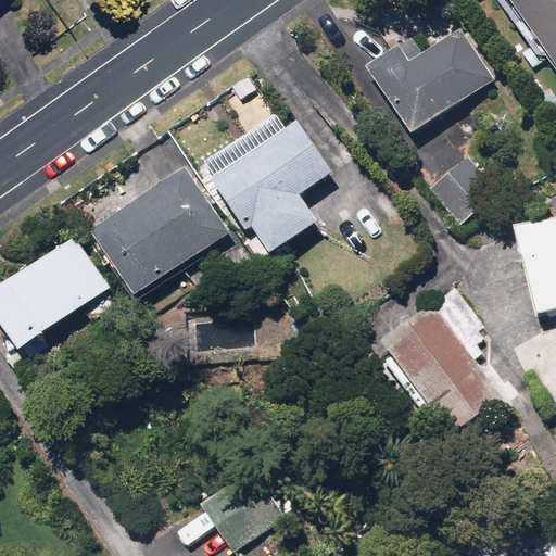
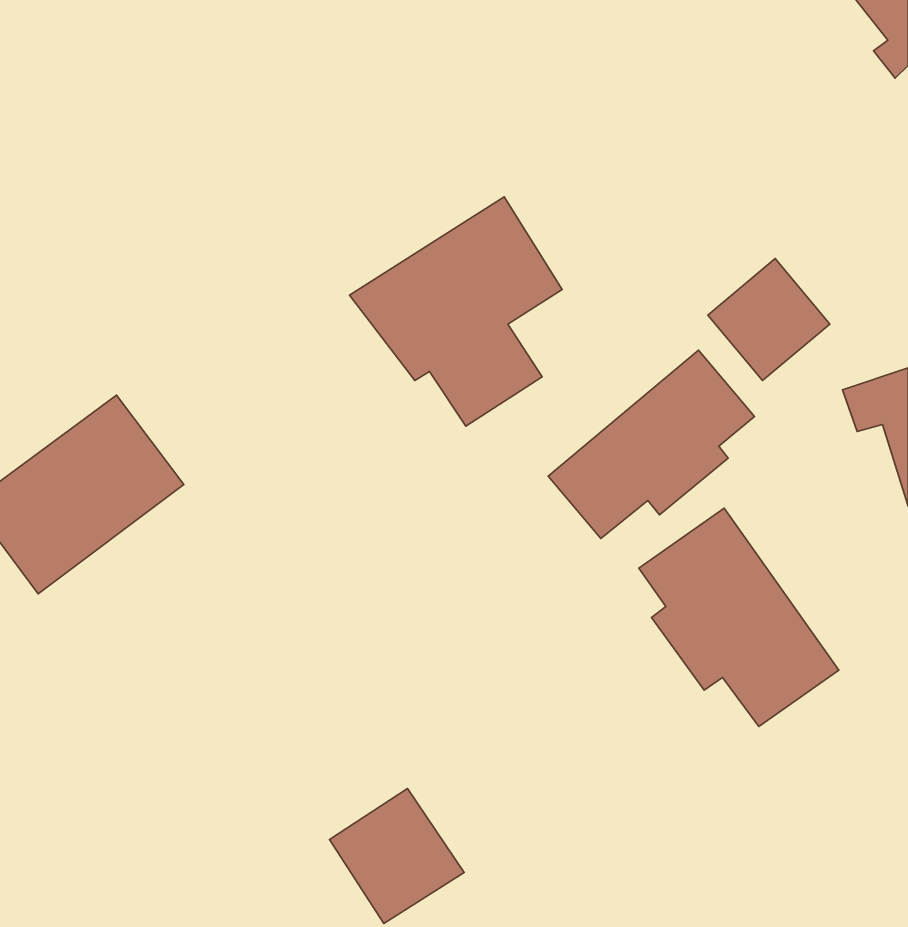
building: [366,33,490,132] -> none
building: [88,163,227,296] -> none
building: none -> [548,350,755,539]

